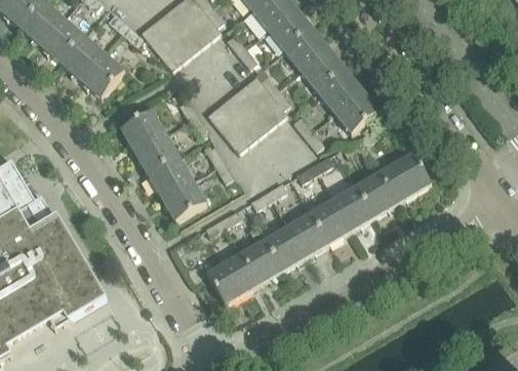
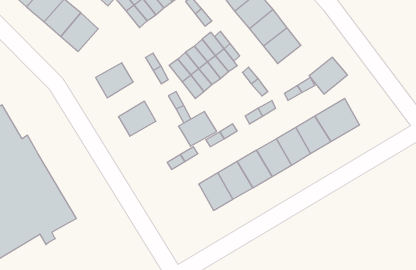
building: [334,89,380,132] -> [309,57,347,94]
building: [134,132,178,173] -> none
building: [161,178,206,219] -> [178,111,217,146]
building: [206,252,260,303] -> none

